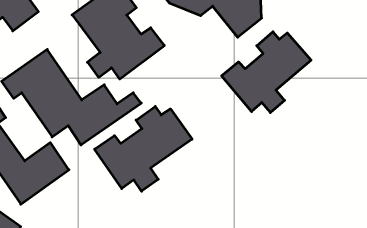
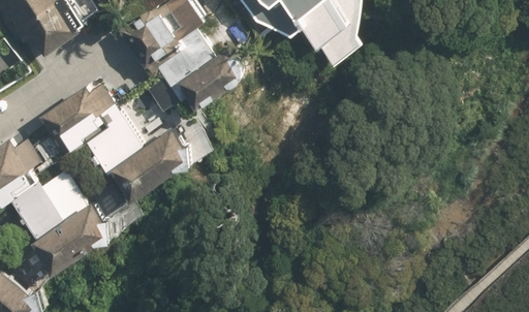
building: [222,32,311,113] -> none
building: [95,106,192,191] -> none

